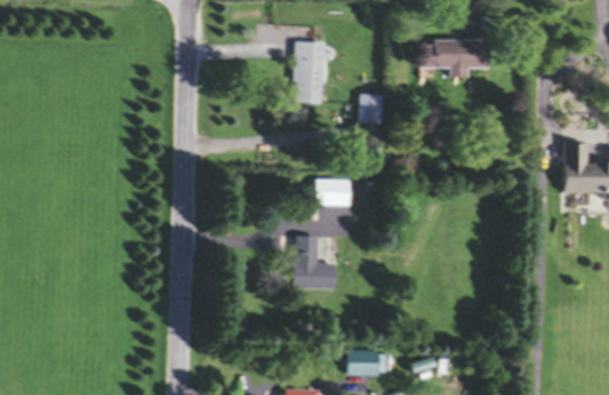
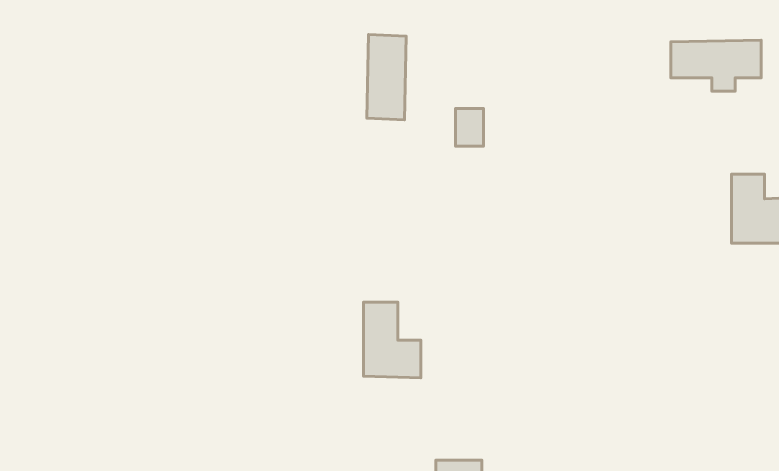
building: [419,38,484,75] -> [671,40,761,91]
building: [316,178,351,206] -> none

